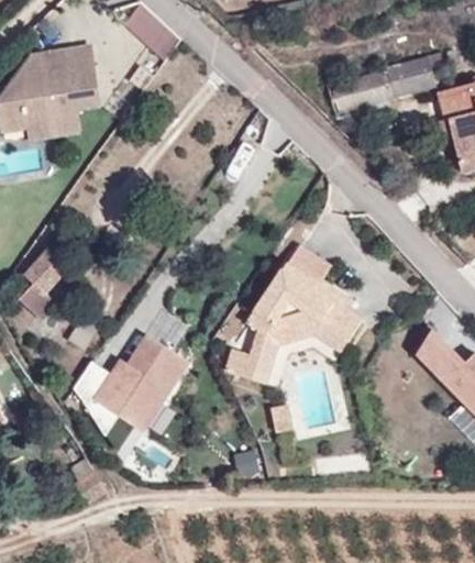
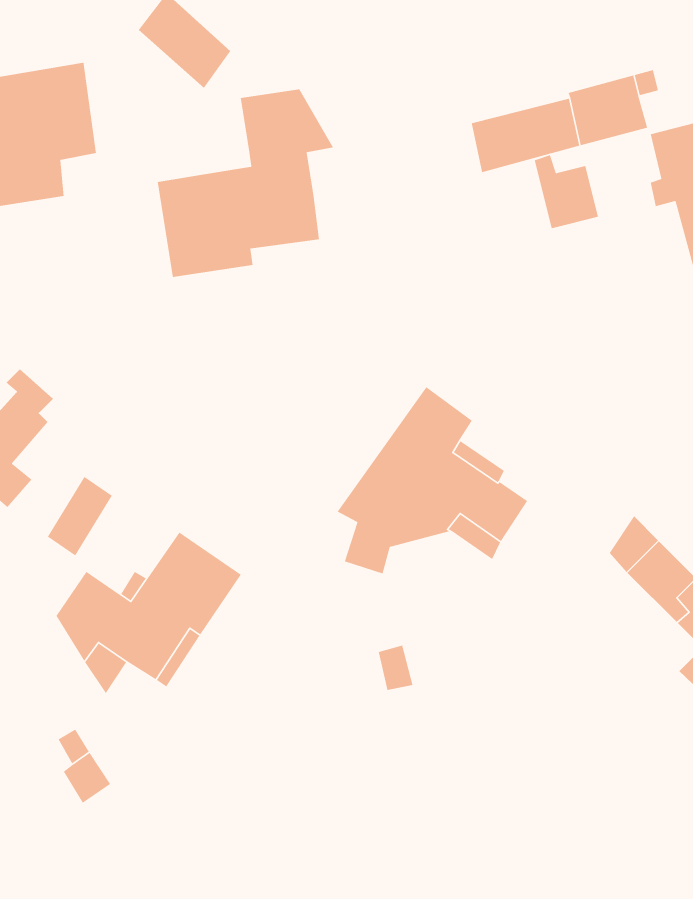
building: none -> [157,88,334,278]
building: none -> [534,154,599,229]
building: [225,349,274,382] -> none

